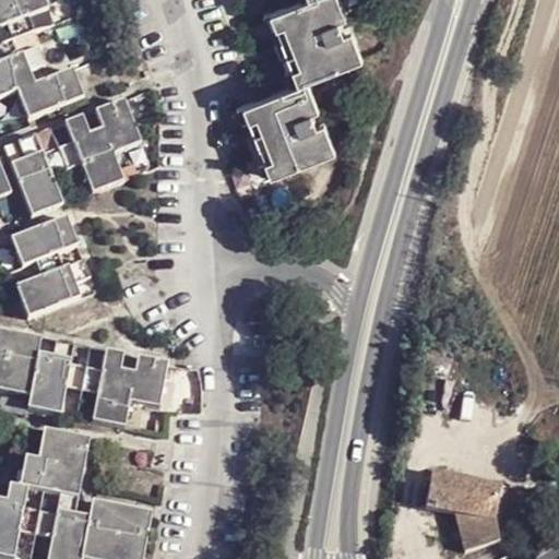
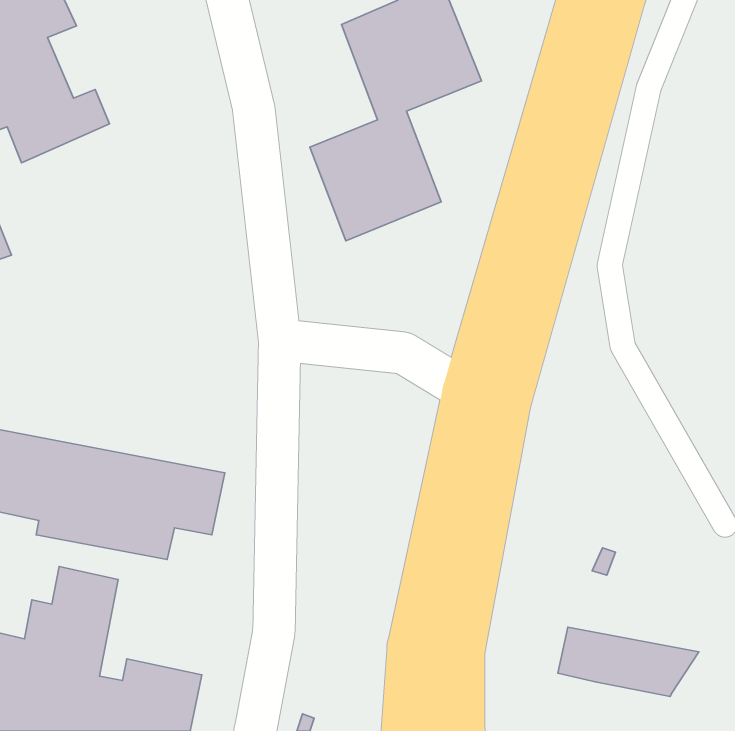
building: [4,98,139,216] -> none
building: [8,216,90,319] -> none
building: [451,516,508,549] -> none

